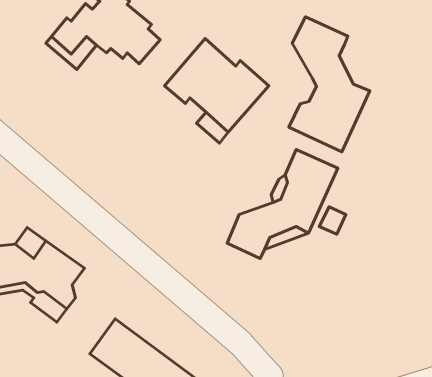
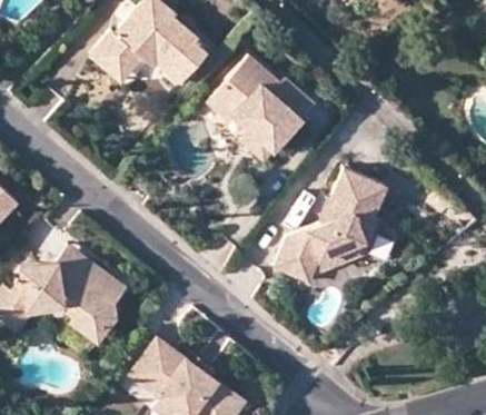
building: [289,17,370,152] -> none

